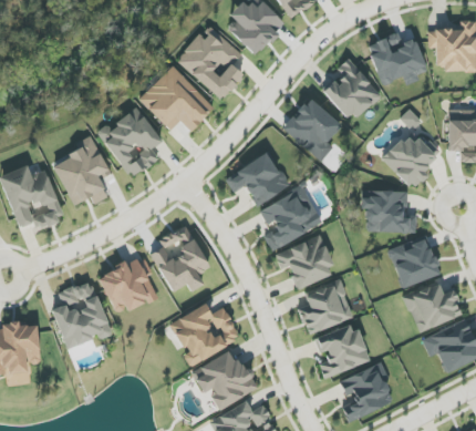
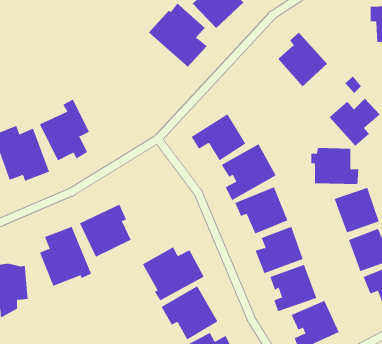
building: [365,31,427,84] -> none
building: [138,64,214,130] -> none
building: [282,96,341,161] -> none
building: [97,106,162,177] -> none
building: [149,224,210,291] -> none

